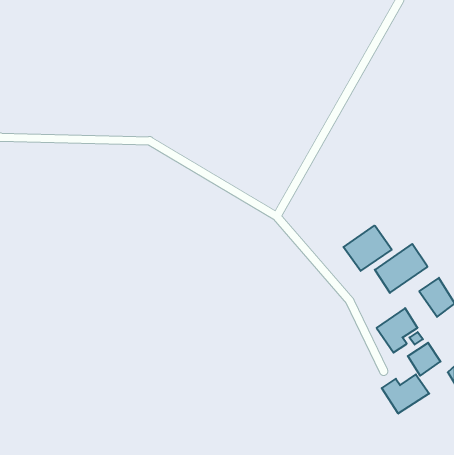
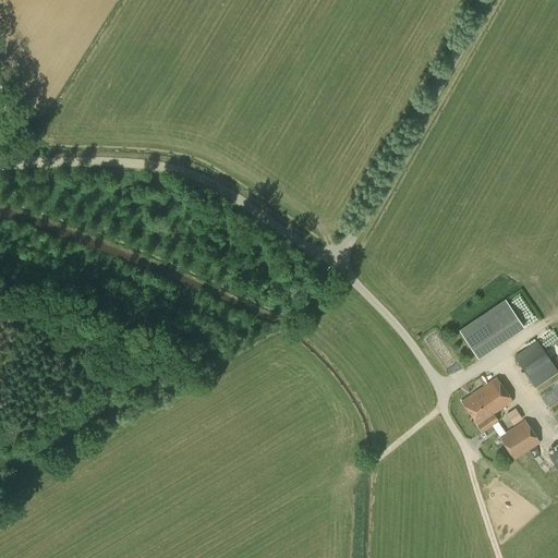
building: [343,226,392,271] -> none
building: [382,374,429,414] -> none

